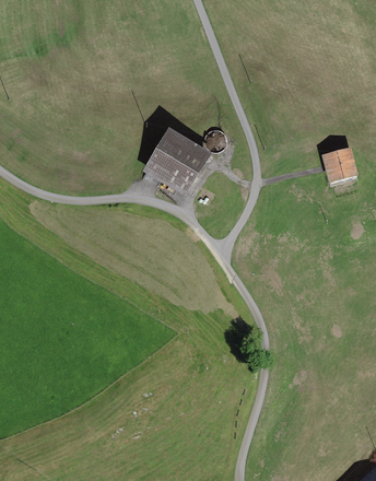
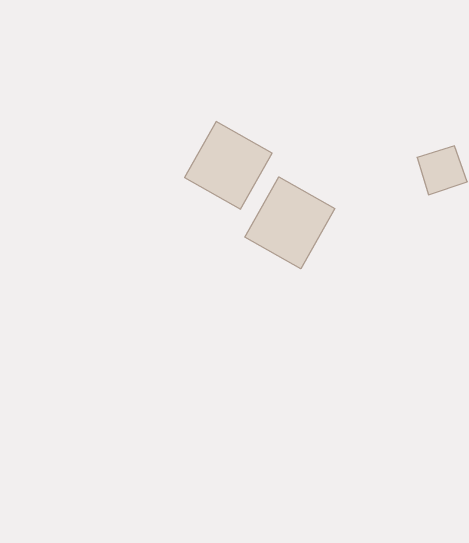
building: none -> [245,177,335,269]

